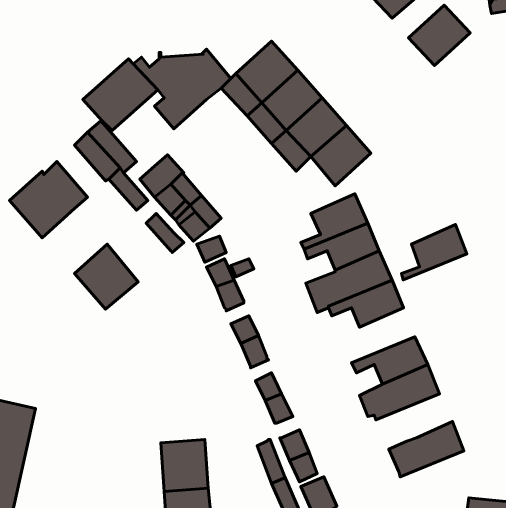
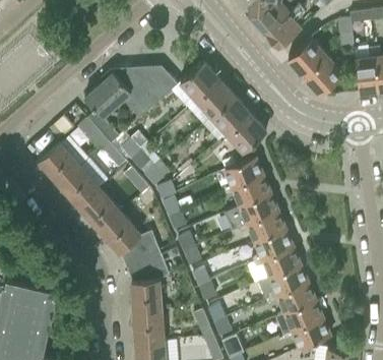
building: none -> [305,56,343,95]
building: none -> [60,166,101,206]
building: [402,225,467,280] -> [252,228,293,262]
building: none -> [100,212,159,264]
building: none -> [127,255,170,312]
building: none -> [268,282,316,311]
building: none -> [283,317,330,347]

